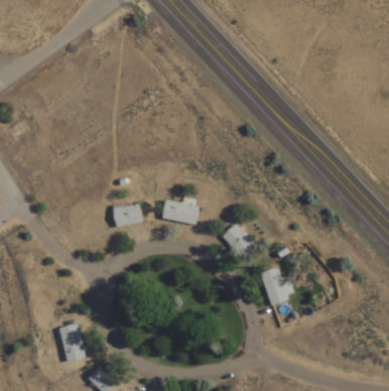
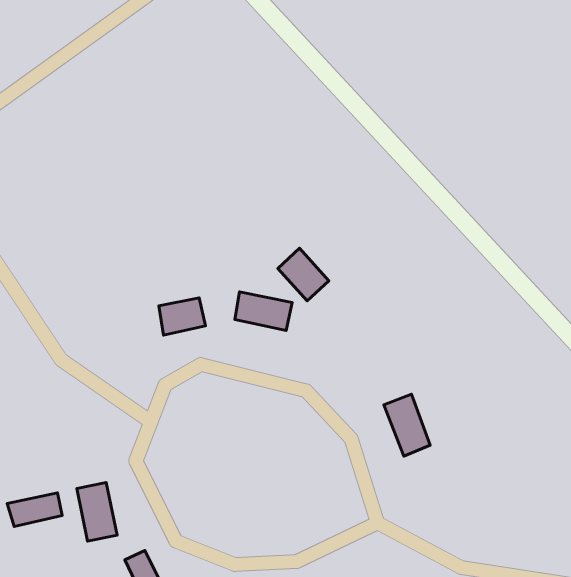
building: [221,223,254,257] -> [278,248,329,301]
building: none -> [7,493,62,526]

